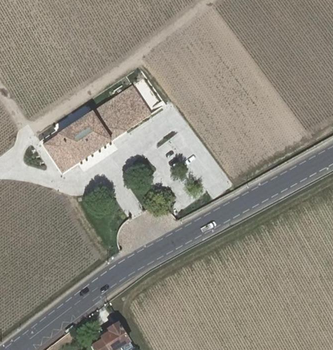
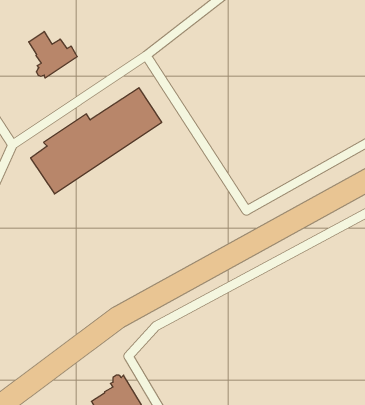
building: none -> [29,31,77,78]

